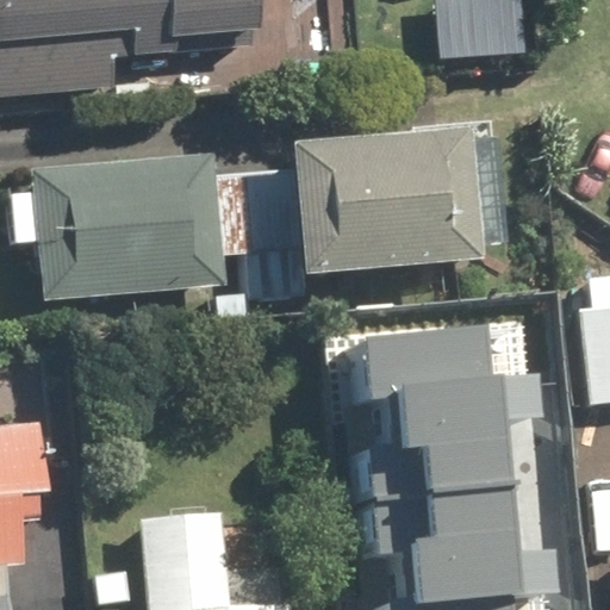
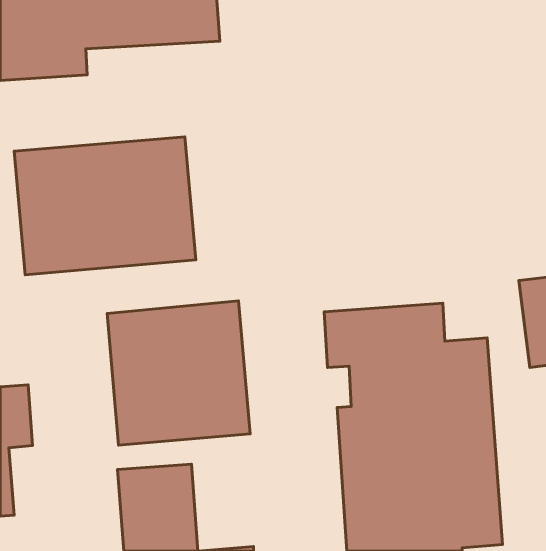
building: [278,127,468,278] -> none
building: none -> [107,301,250,445]

